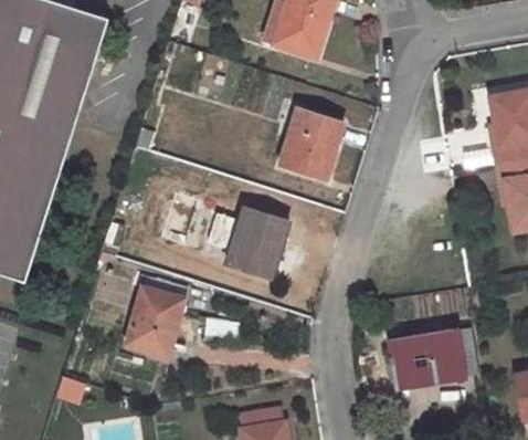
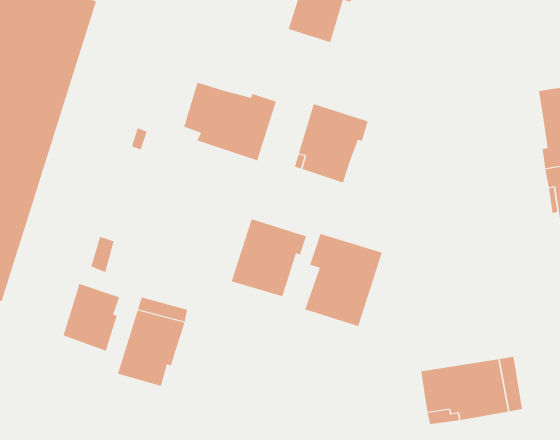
building: none -> [184,82,277,161]
building: none -> [304,233,382,327]
building: none -> [63,283,120,352]

